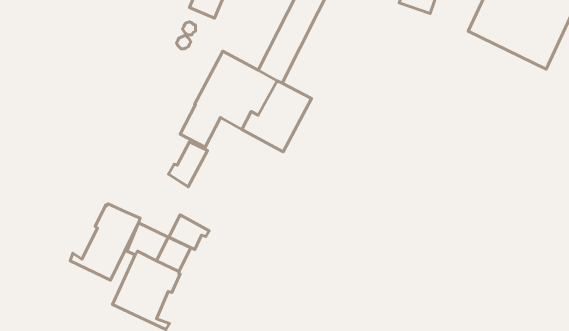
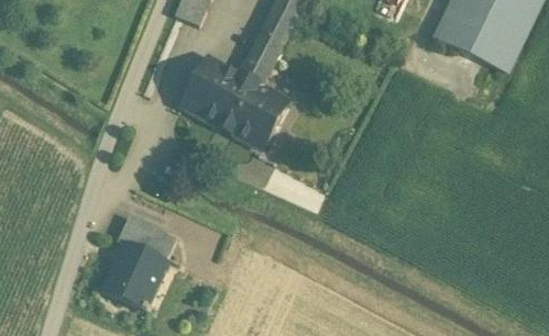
building: [169,142,207,187] -> none
building: [70,204,140,280] -> none
building: [169,215,209,250] -> none

